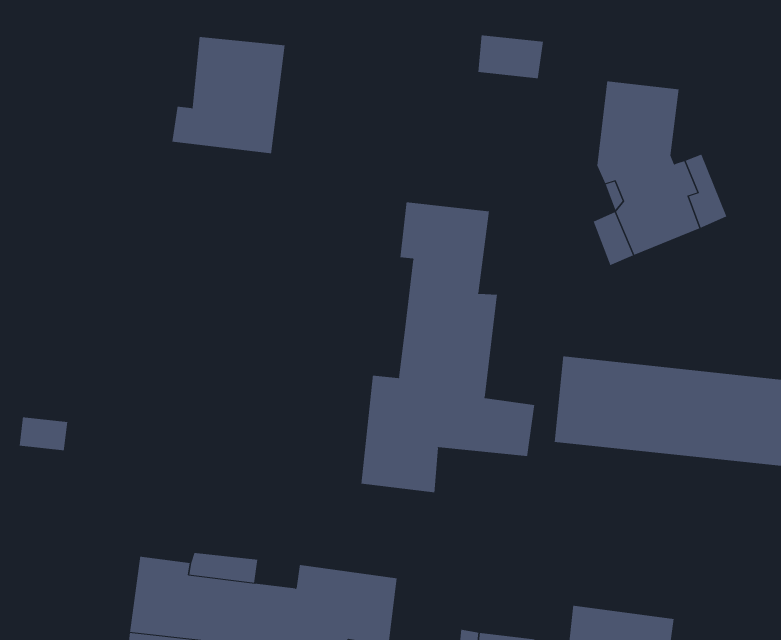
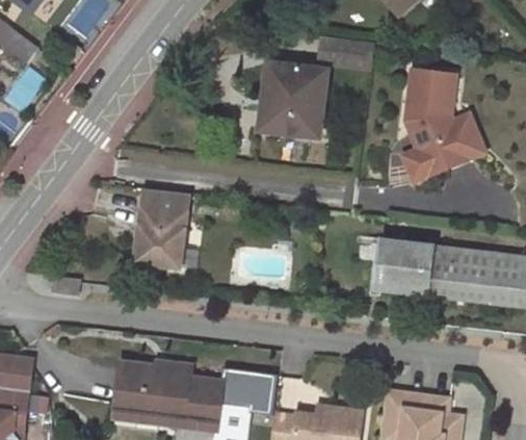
building: [172,37,285,154] -> [258,63,327,135]
building: [361,201,535,493] -> none
building: none -> [135,190,189,269]

